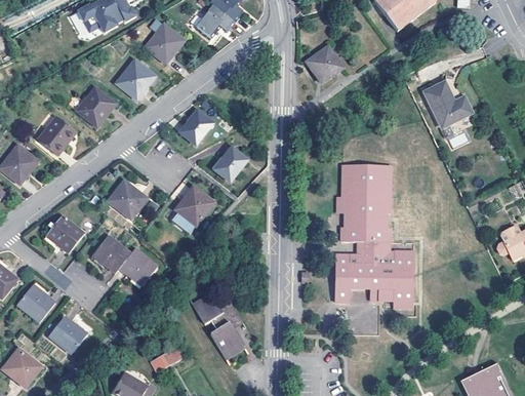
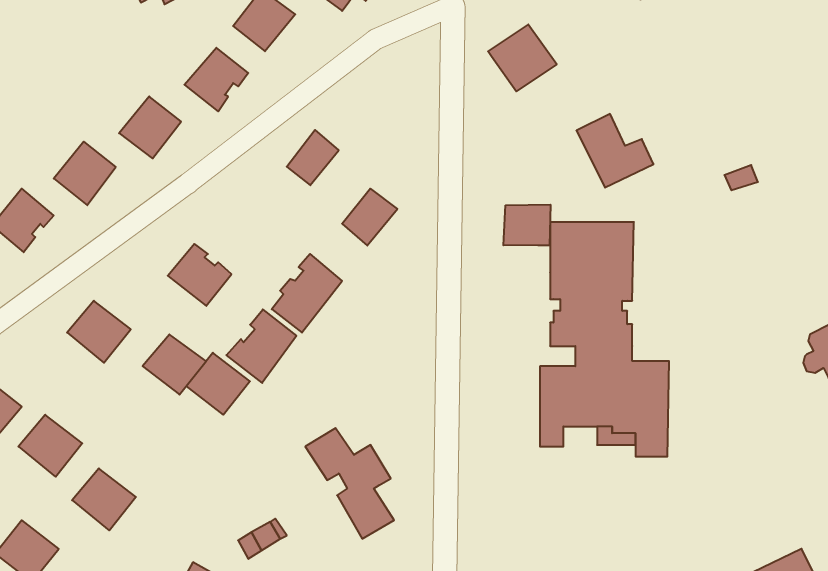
building: [419,82,467,127] -> [576,114,654,188]
building: none -> [503,205,550,245]
building: none -> [226,309,296,383]

